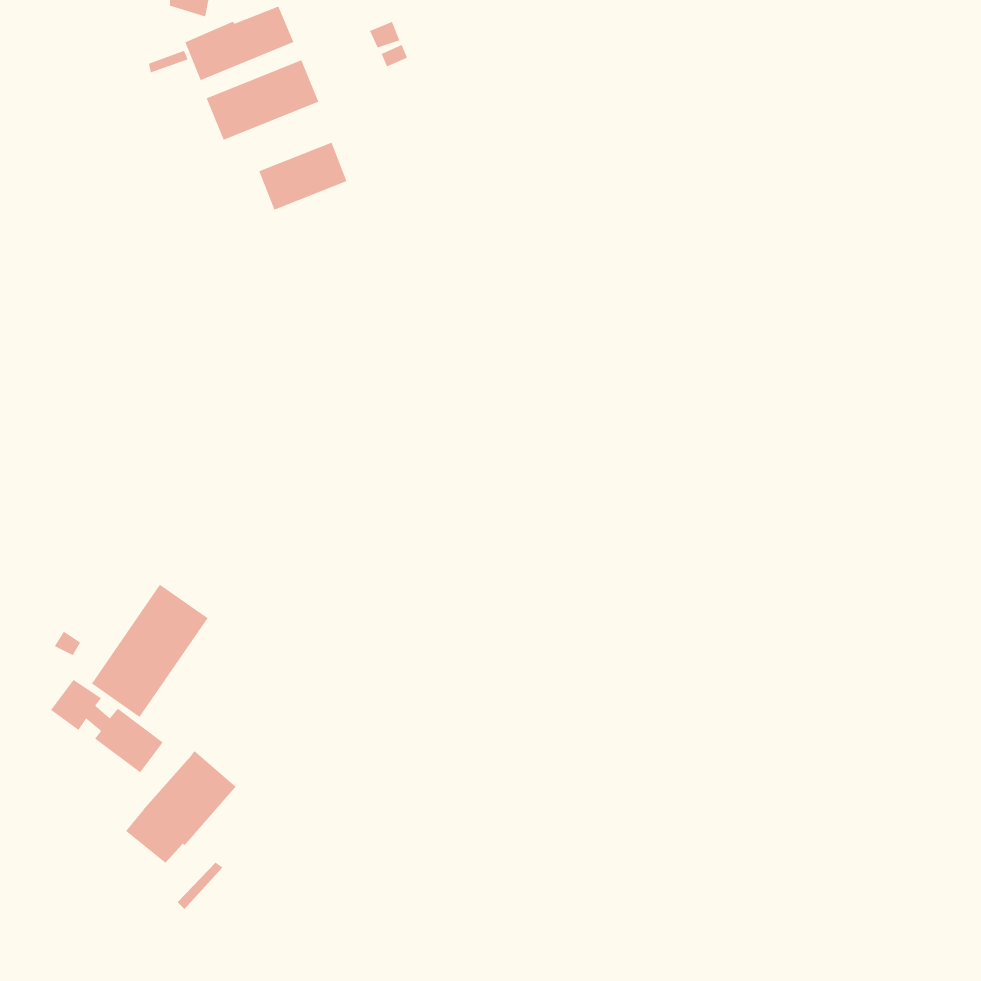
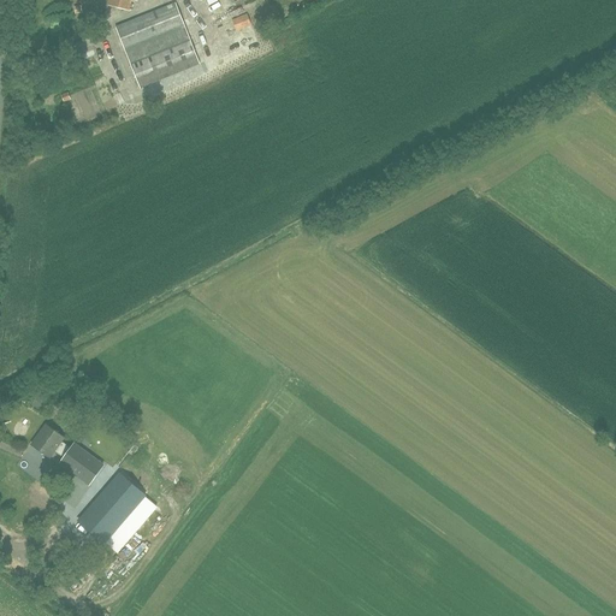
building: [259,142,347,211] -> none
building: [91,584,208,718] -> none

